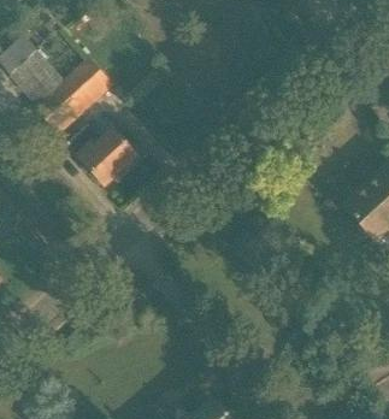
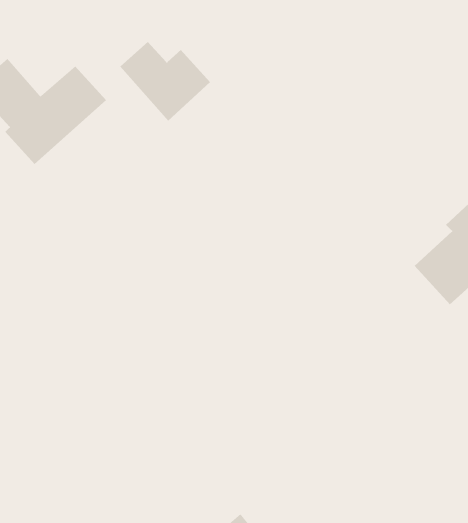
building: [65,123,135,184] -> [119,41,211,122]

